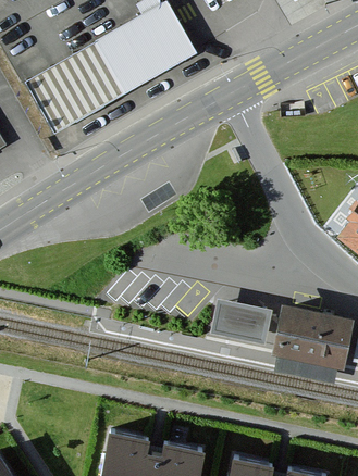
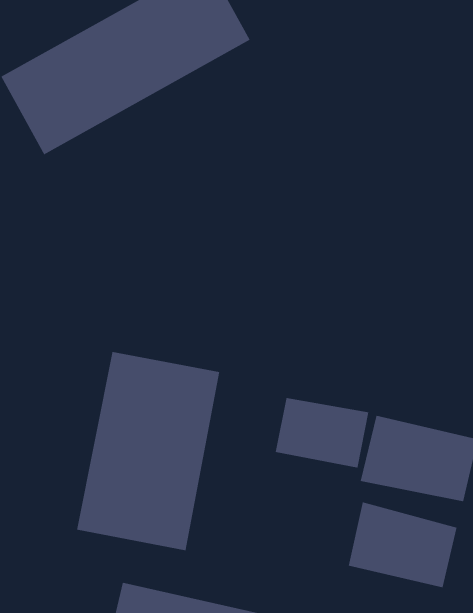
building: none -> [77,351,220,551]
building: none -> [348,502,457,588]

